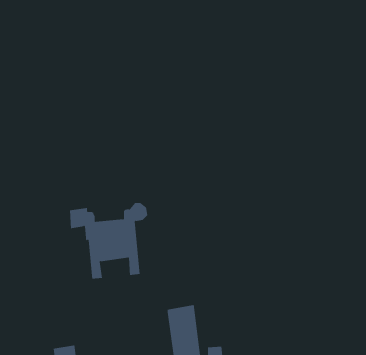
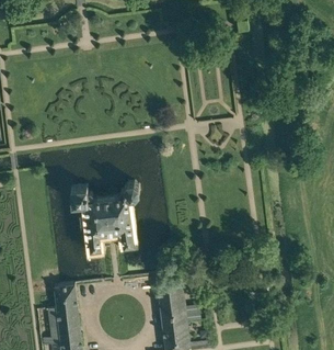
building: none -> [54,284,77,309]

